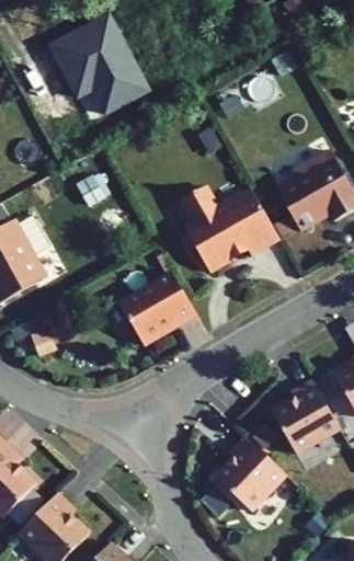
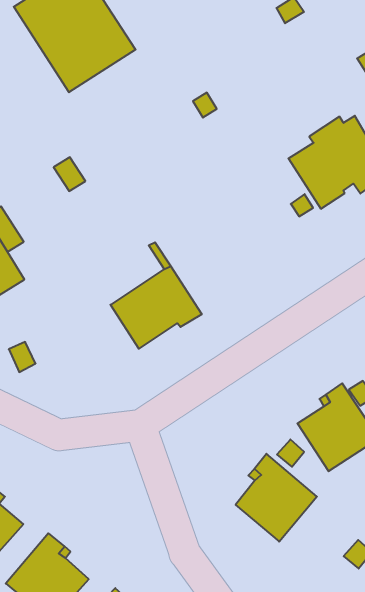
building: [180,186,279,272] -> none

